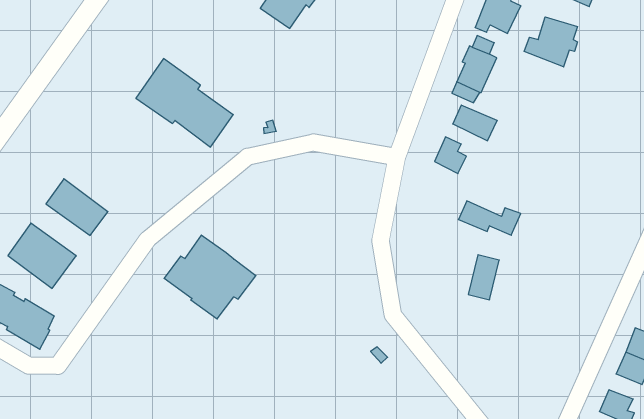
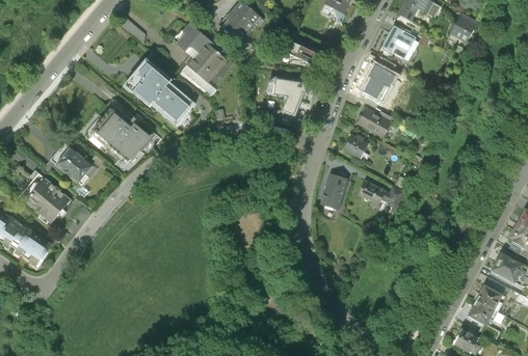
building: none -> [178,23,226,81]
building: [524,17,577,67] -> none
building: none -> [287,40,318,64]
building: none -> [264,75,308,116]
building: [164,235,256,319] -> [87,101,156,164]
building: [468,255,499,300] -> [321,173,346,208]

